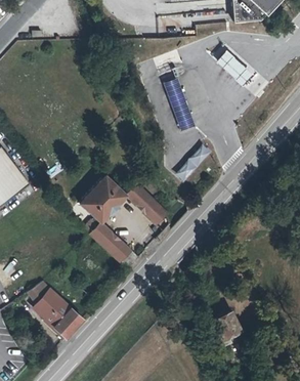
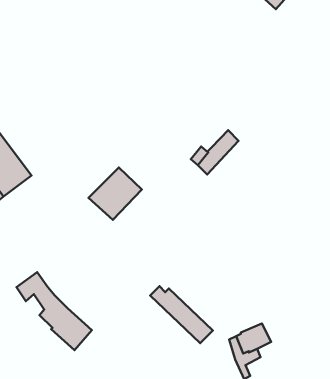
building: [127,184,167,223] -> none
building: [85,219,140,269] -> [150,286,213,343]

